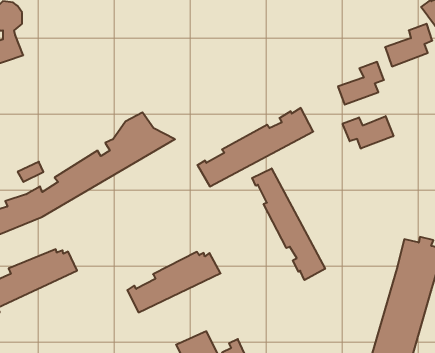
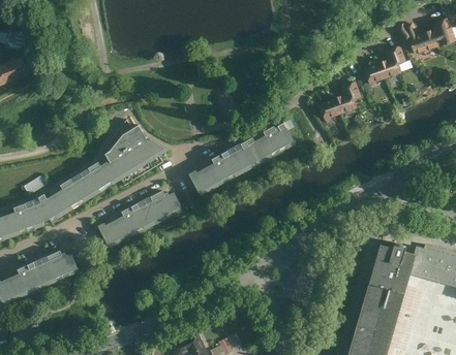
building: [343,116,393,149] -> none
building: [252,168,325,280] -> none
building: [127,252,221,312] -> [98,191,184,247]

